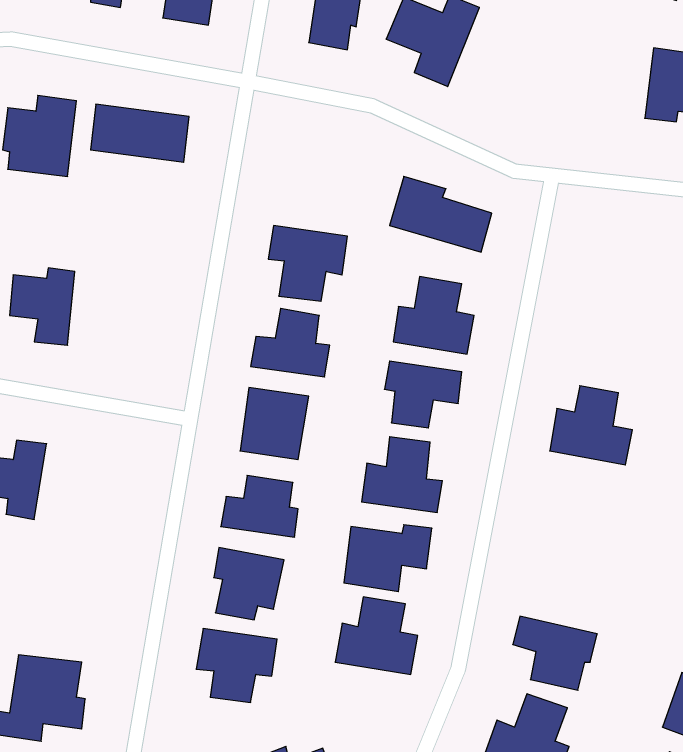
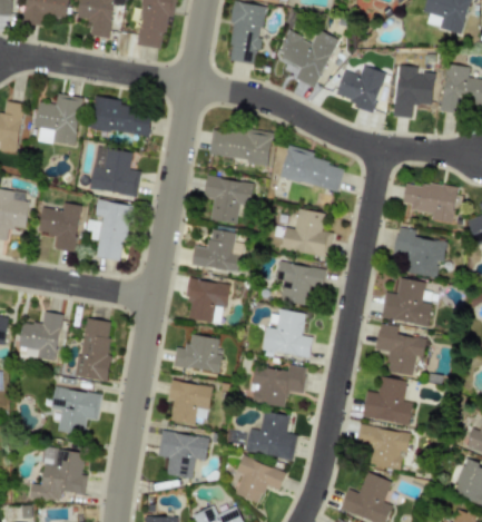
building: none -> [336,65,386,110]
building: none -> [393,65,435,118]
building: none -> [209,126,273,165]
building: none -> [90,146,141,196]
building: none -> [403,180,459,224]
building: none -> [89,199,131,262]
building: none -> [395,227,449,277]
building: none -> [78,318,114,381]
building: none -> [376,323,427,376]
building: none -> [363,377,414,424]
building: none -> [52,387,102,434]
building: none -> [236,455,287,504]

